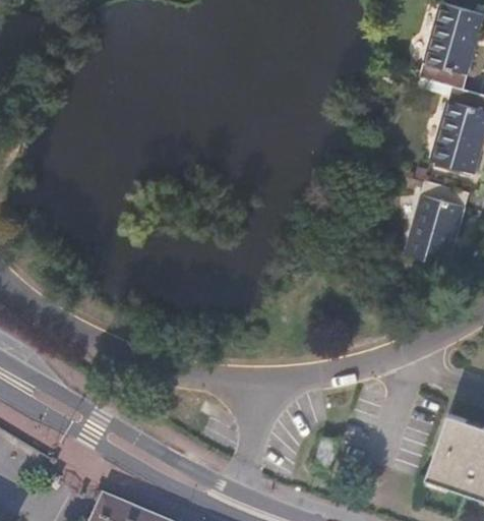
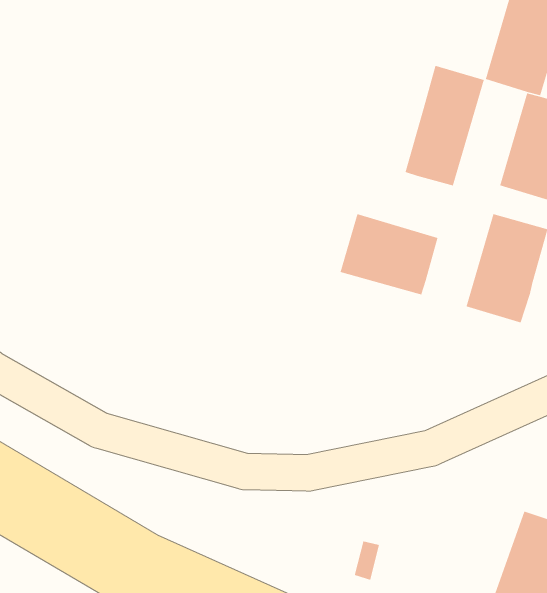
building: none -> [404,65,485,186]
building: none -> [340,213,439,296]

